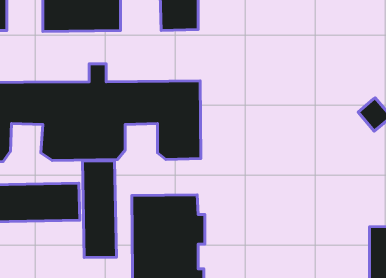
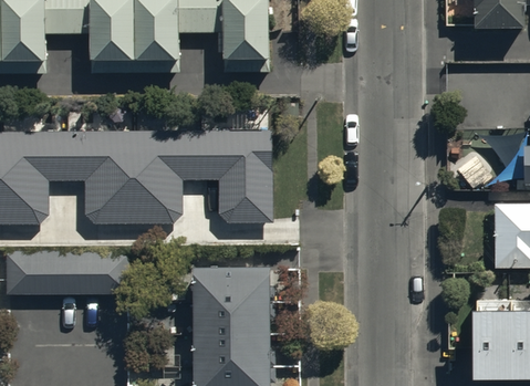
building: [83,161,116,257] -> none

